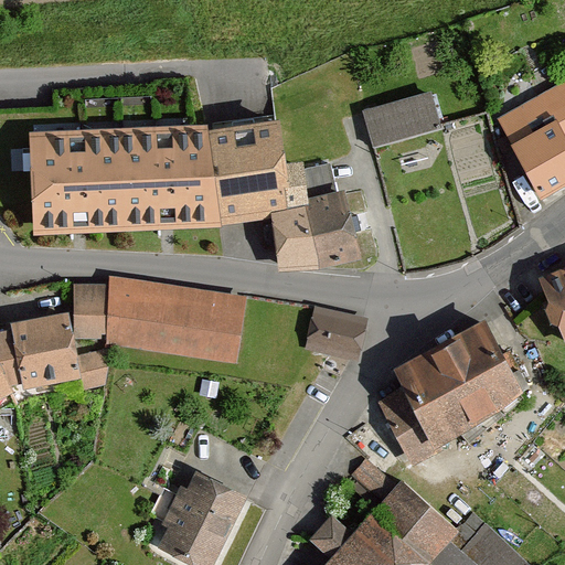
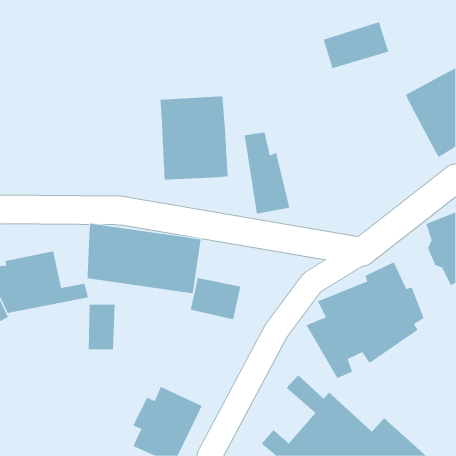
building: [360,90,441,149] -> [323,21,389,69]
building: [25,137,202,233] -> none
building: [270,159,316,268] -> none
building: [75,281,109,338] -> [88,304,116,350]
building: [302,309,365,361] -> [190,278,241,320]

